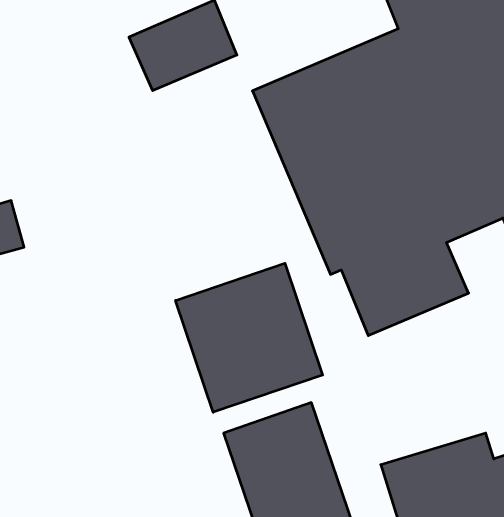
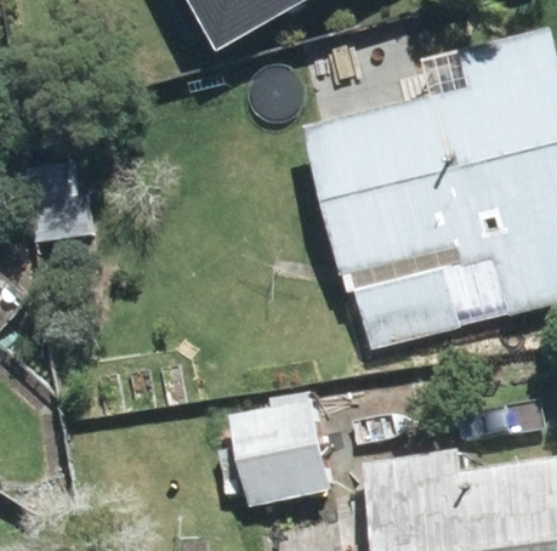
building: [176,263,323,412] -> none

